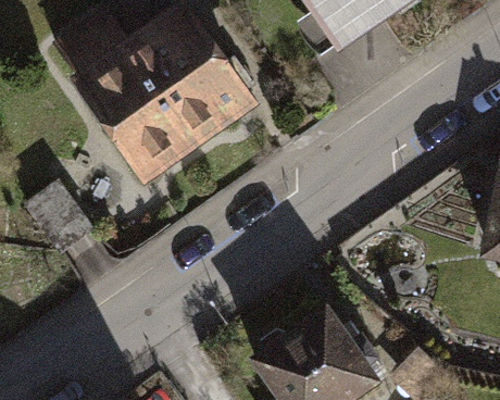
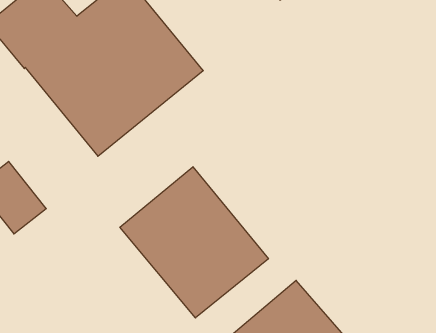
building: none -> [120,167,268,318]

